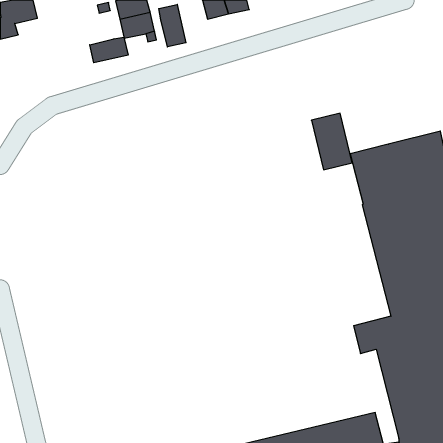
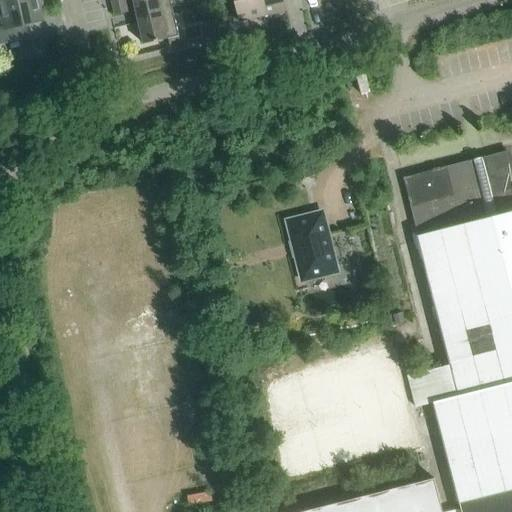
building: [159,4,186,47] -> none
building: [90,37,128,63] -> none
building: [311,113,352,170] -> [290,211,337,276]

